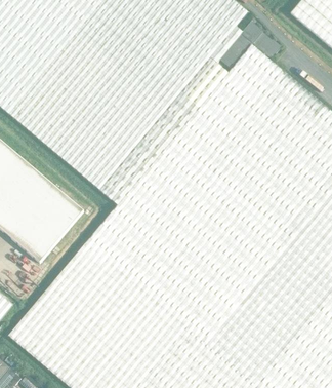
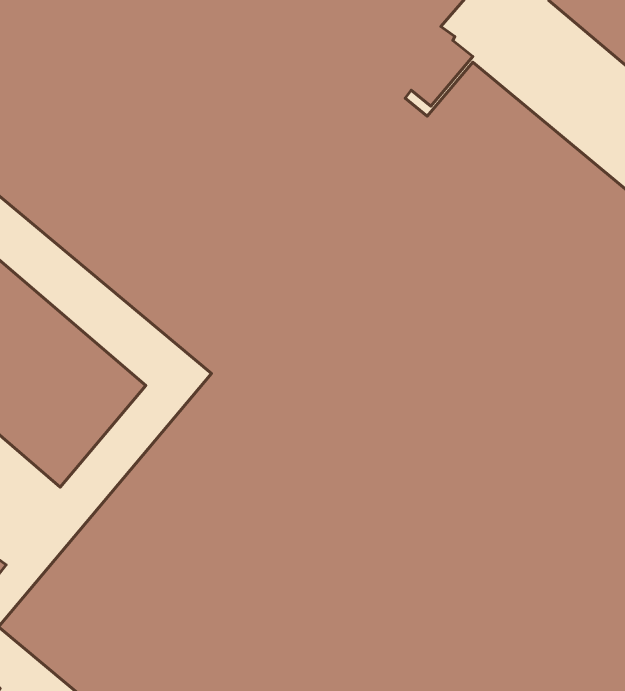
building: [242,25,282,59] -> none

